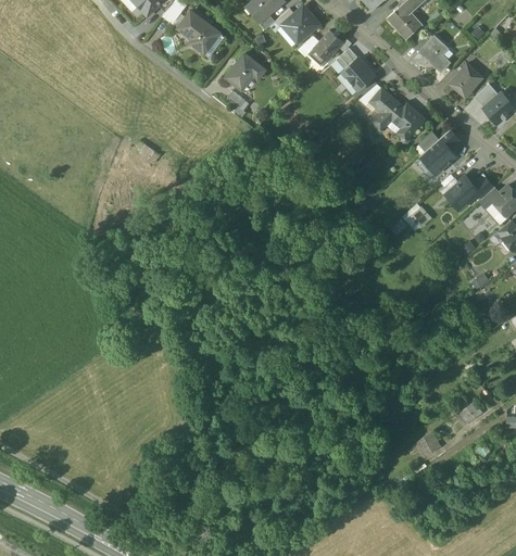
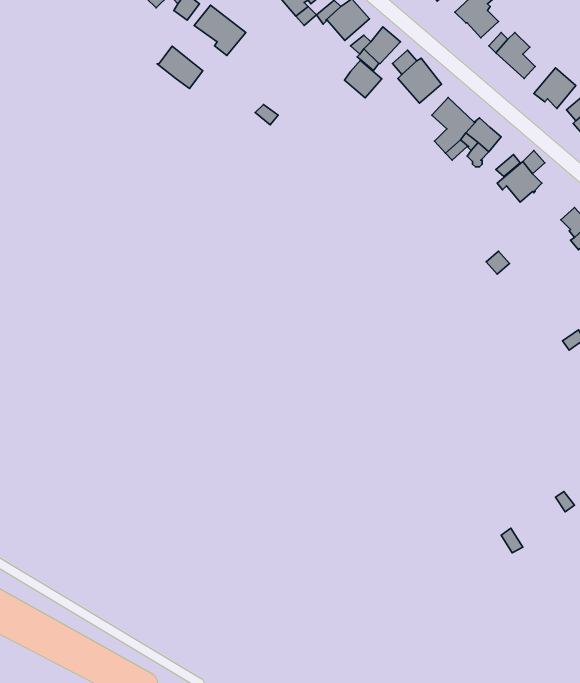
building: none -> [157,46,203,88]
building: [225,54,265,91] -> none
building: none -> [345,60,382,98]
building: [445,176,479,210] -> none

